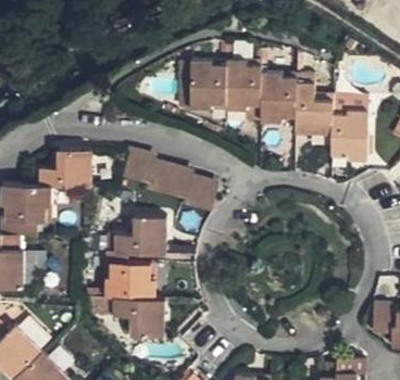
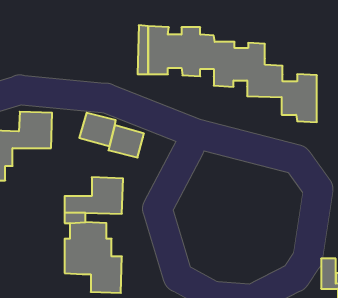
building: [180,175,218,211] -> none

